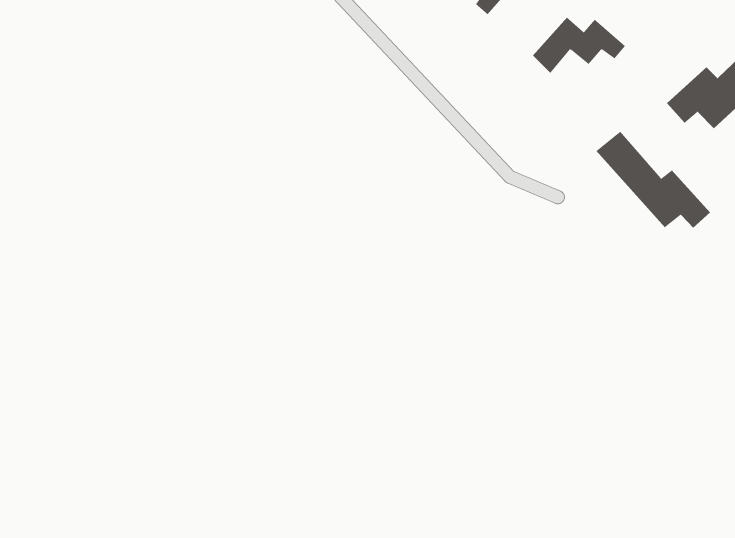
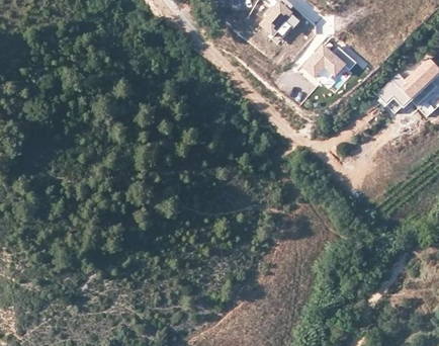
building: [596,131,711,228] -> none

